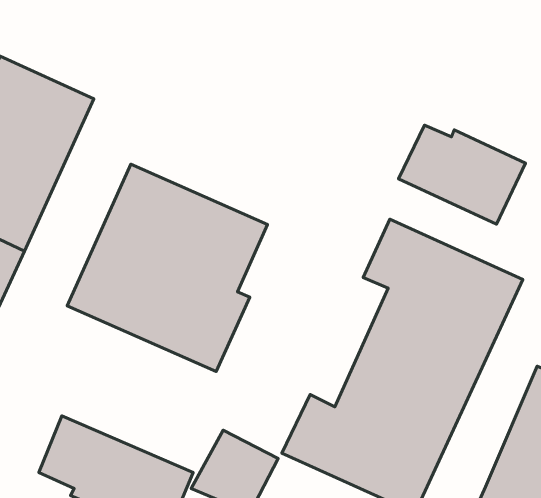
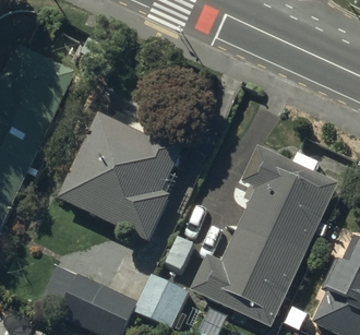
building: [398,125,525,224] -> none

